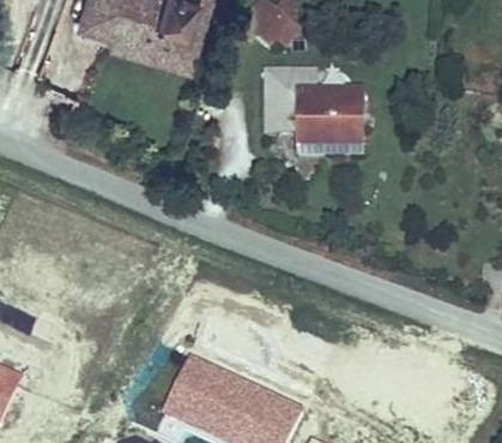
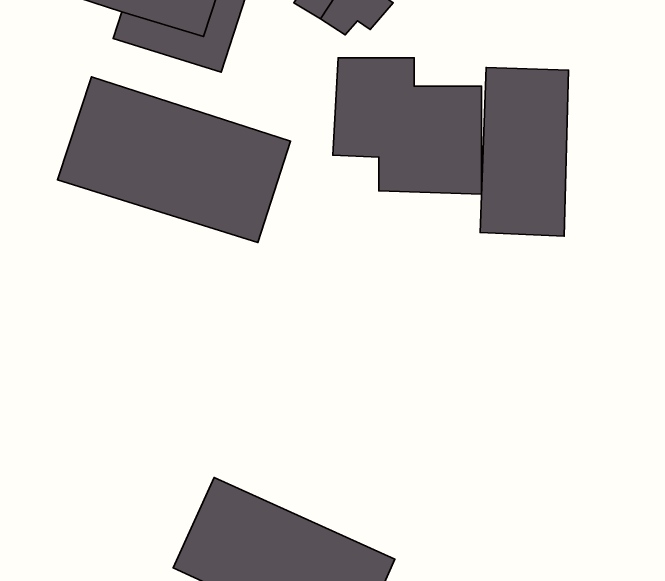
building: none -> [480,67,569,236]
building: none -> [58,77,291,243]

